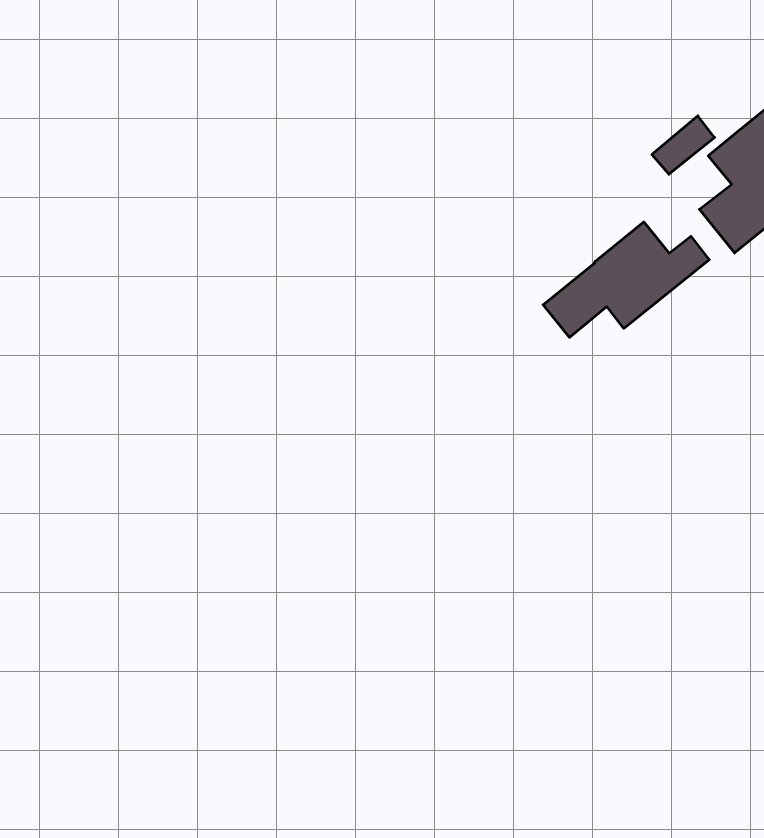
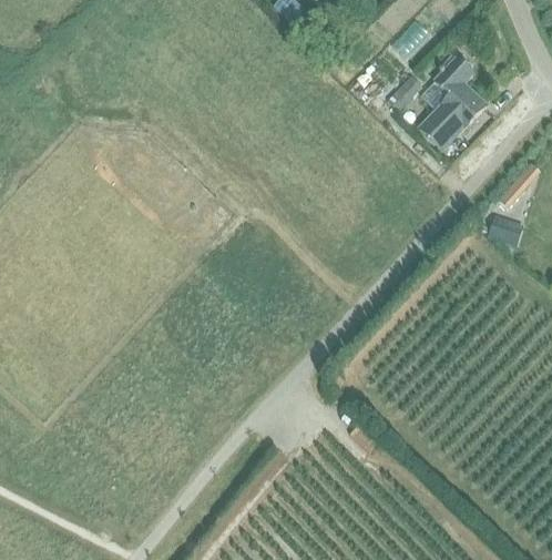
building: [543,222,709,337] -> none

